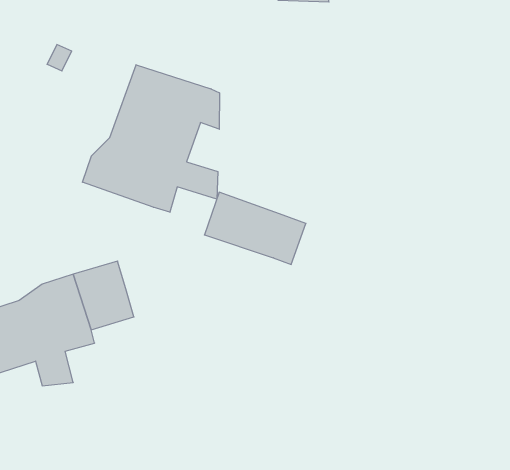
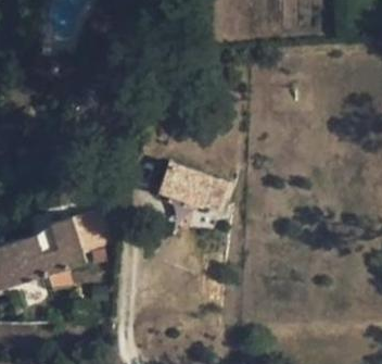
building: [82,65,219,212] -> none

